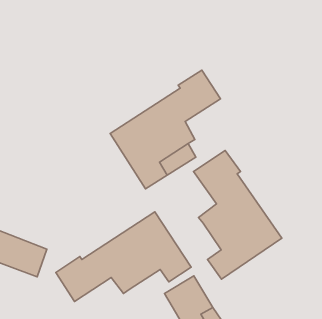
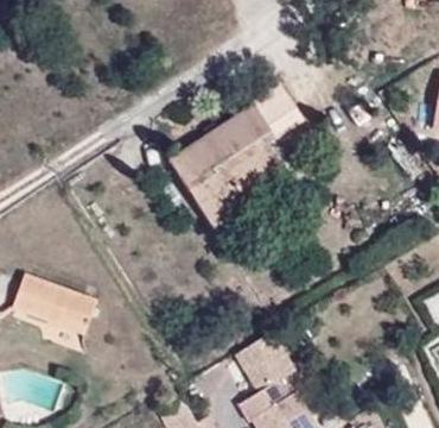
building: [194,150,282,279] -> none
building: [56,212,191,302] -> none

